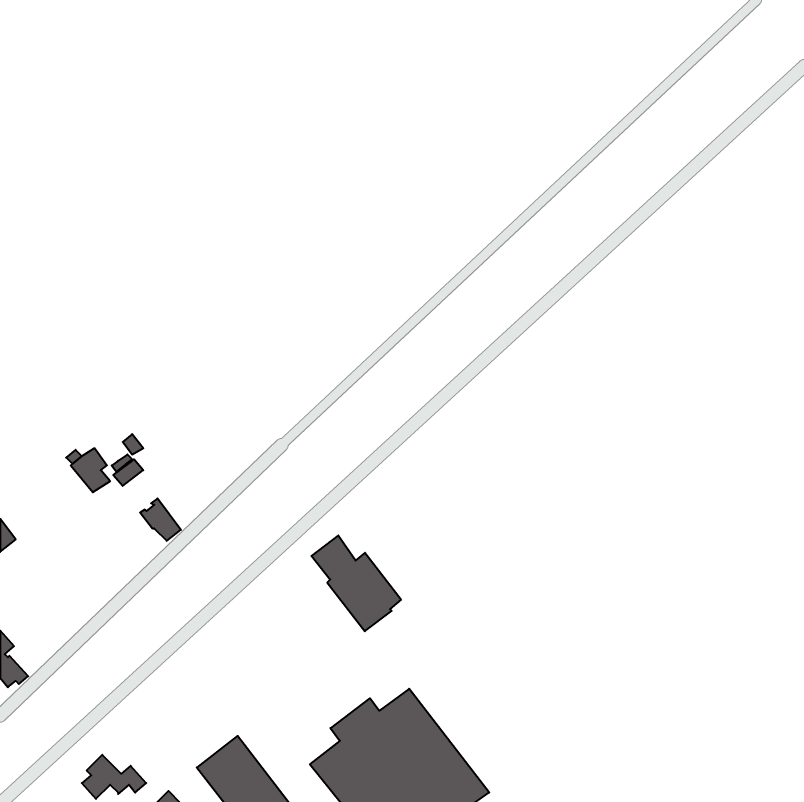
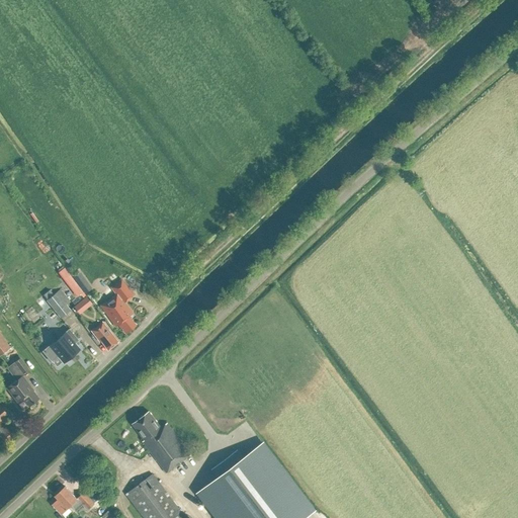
building: none -> [101,280,137,334]
building: none -> [44,331,79,363]
building: [311,535,401,631] -> [133,412,190,473]
building: none -> [6,358,38,407]

